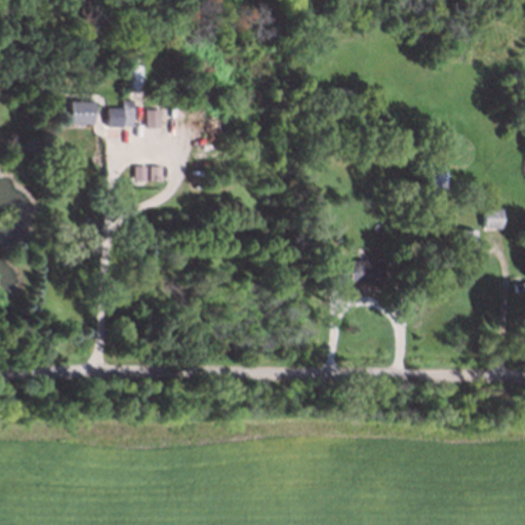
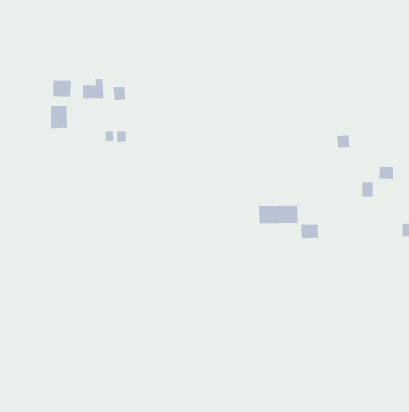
building: none -> [50,105,68,129]
building: none -> [300,224,319,239]

